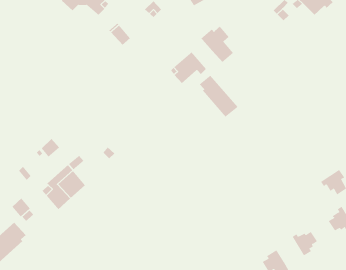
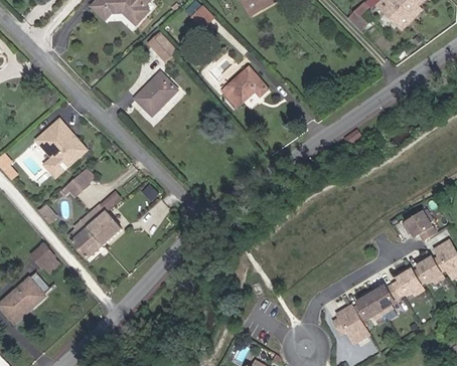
building: [200,26,234,63] -> none
building: none -> [135,72,177,116]
building: [199,75,238,118] -> none
building: none -> [27,119,87,178]
building: none -> [393,265,424,296]
building: none -> [352,291,384,321]

